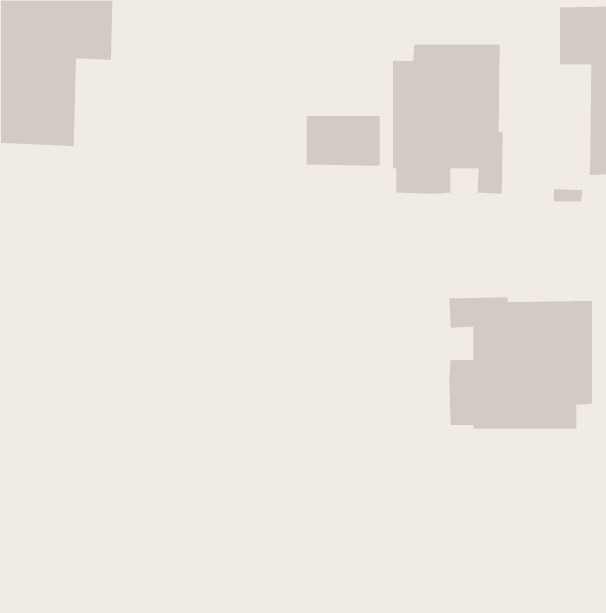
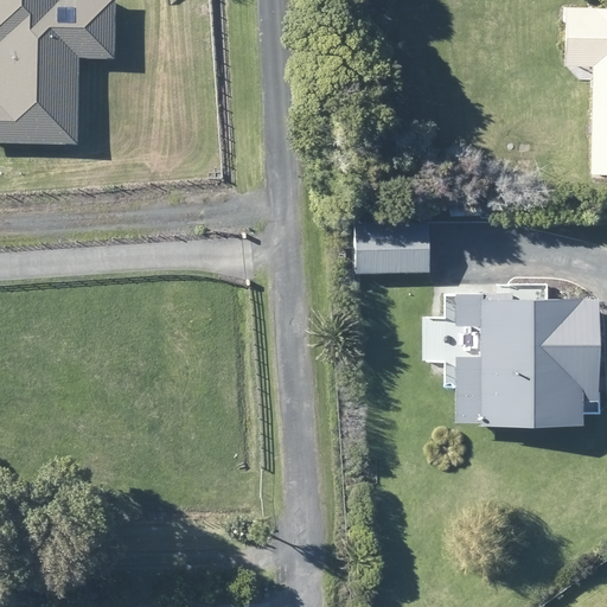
building: [393,44,503,194] -> none
building: [306,116,380,166] -> [354,223,428,273]

